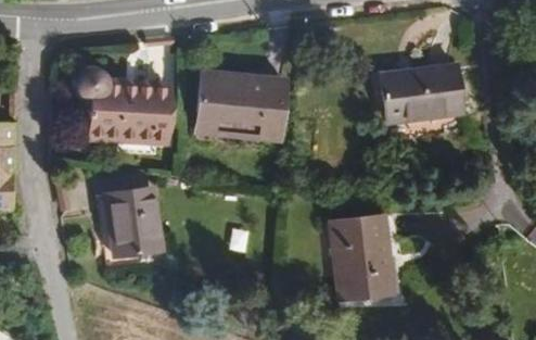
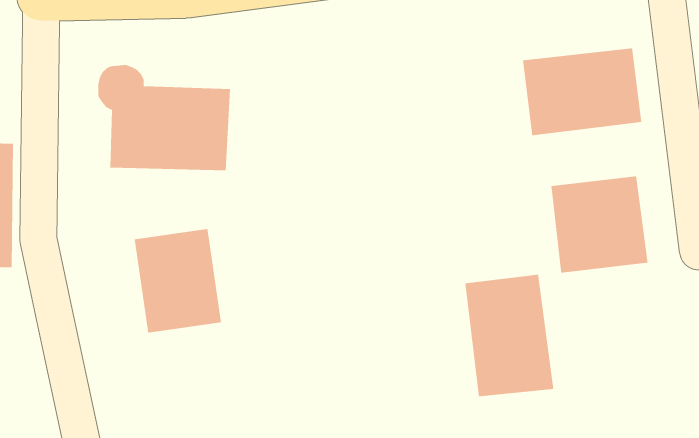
building: [195,70,285,141] -> none
building: none -> [551,175,648,273]

